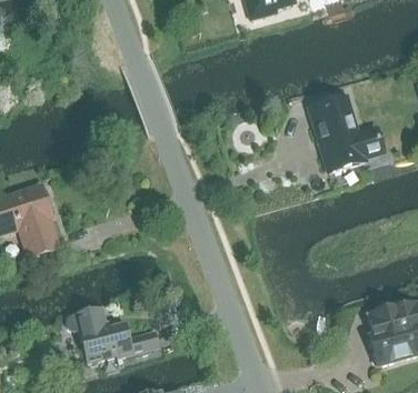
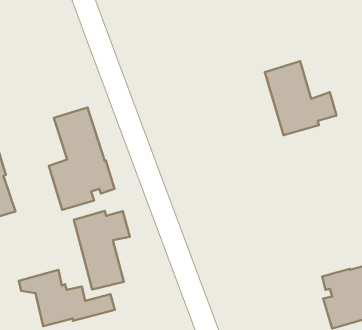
building: none -> [49,107,115,210]
building: none -> [74,211,130,290]

